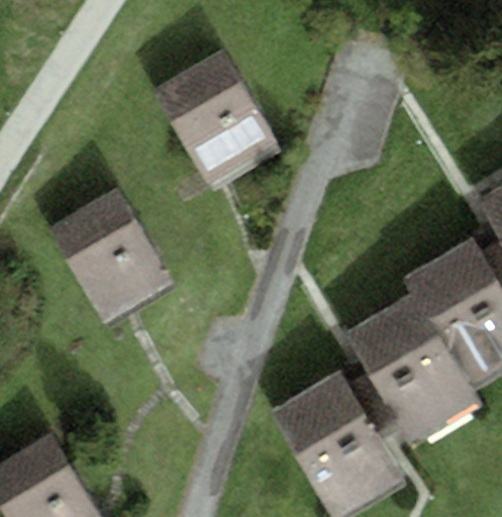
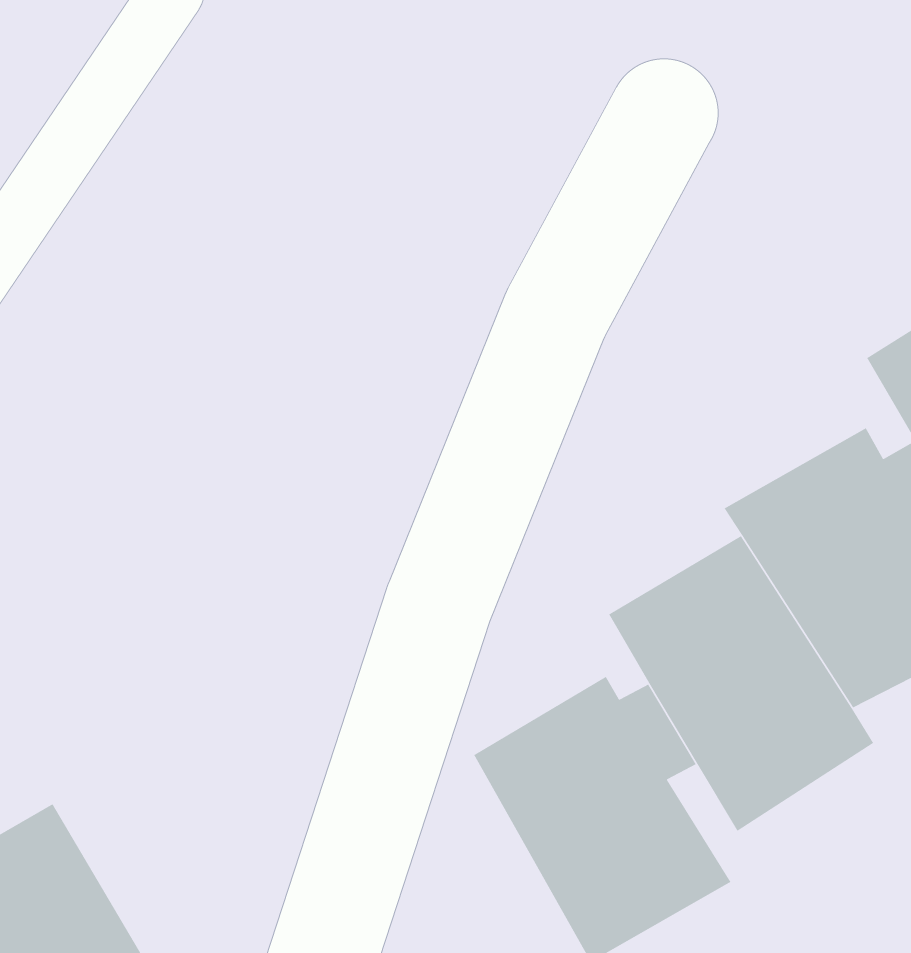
building: [154,51,281,189] -> none
building: [49,187,174,324] -> none

